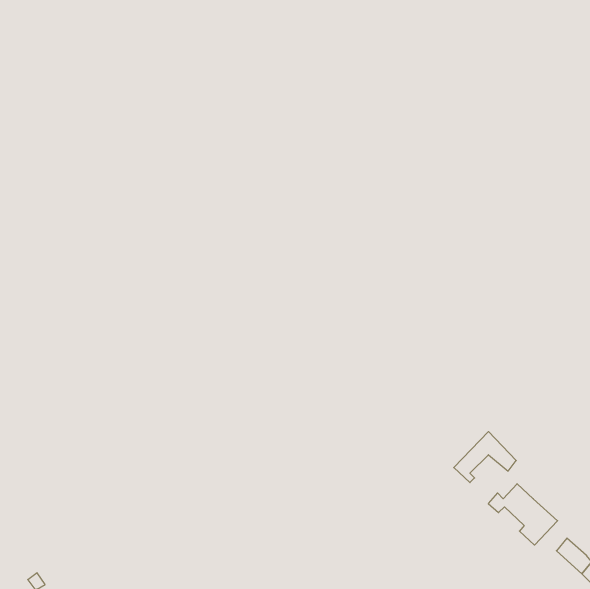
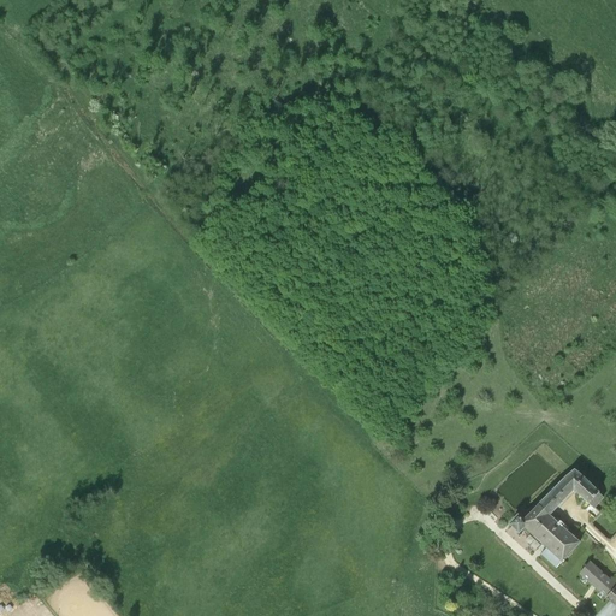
building: [454,432,516,483] -> [539,466,604,519]

